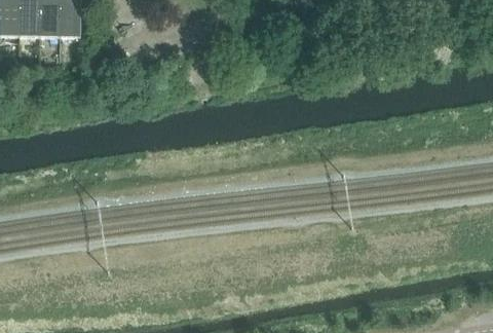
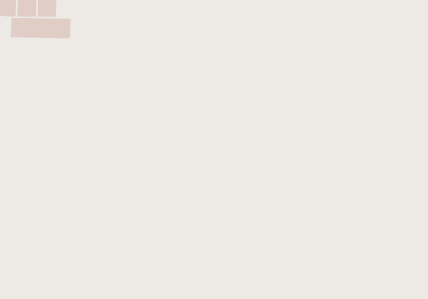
building: none -> [10,17,71,39]

